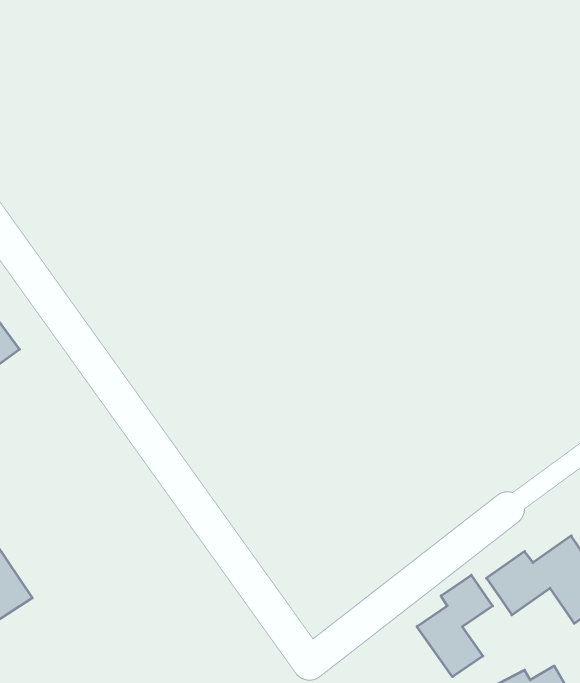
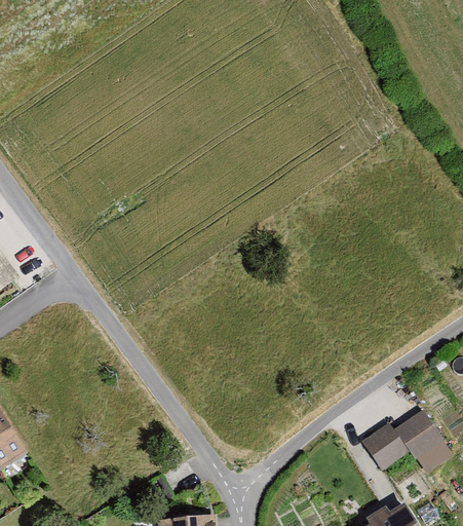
building: [417,575,493,677] -> none

